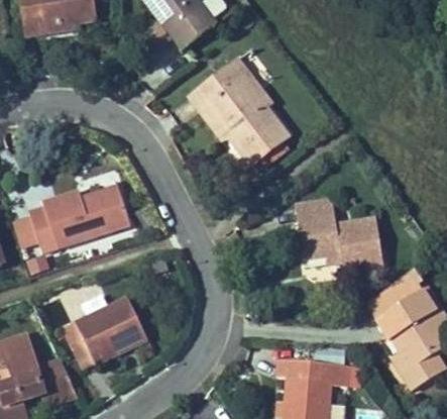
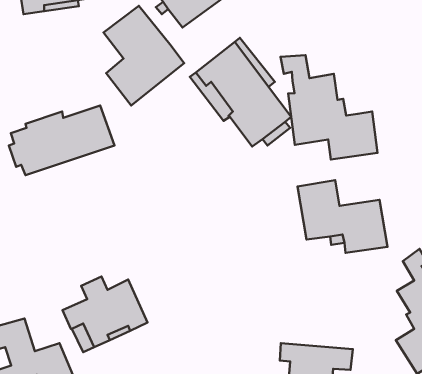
building: none -> [103,6,184,106]
building: none -> [281,55,378,159]
building: [27,185,131,253] -> [9,105,115,175]
building: [366,279,410,350] -> none

